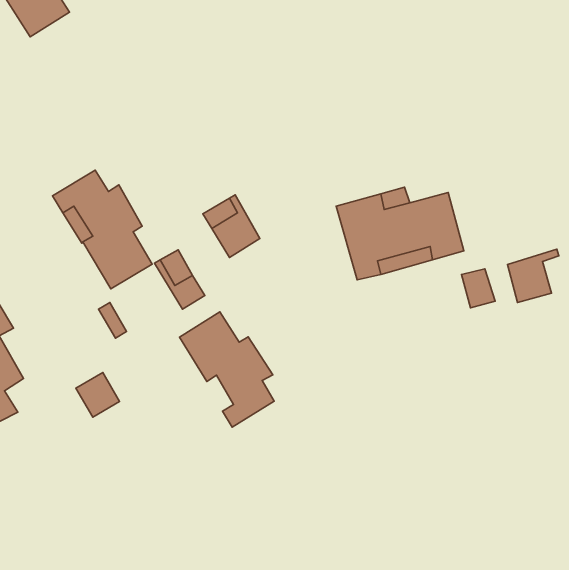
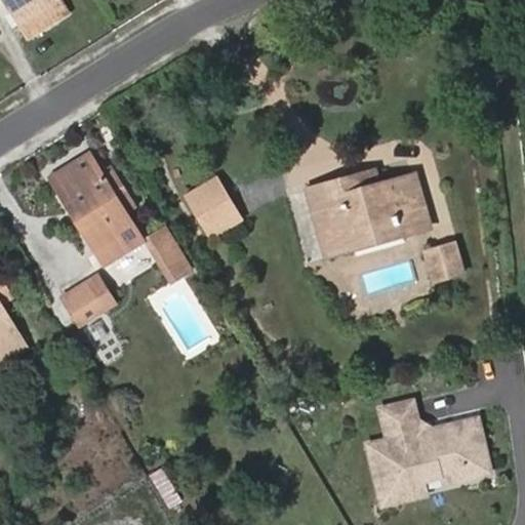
building: [508,249,559,302] -> none
building: [179,312,274,427] -> none
building: [76,372,120,417] -> [66,283,106,324]
building: none -> [368,393,497,503]

